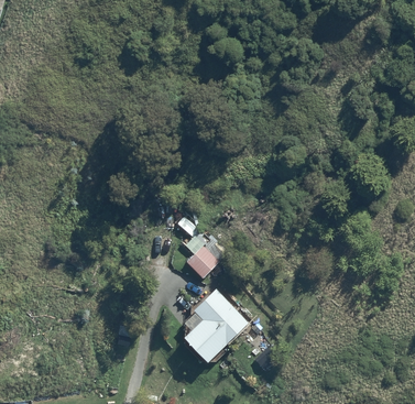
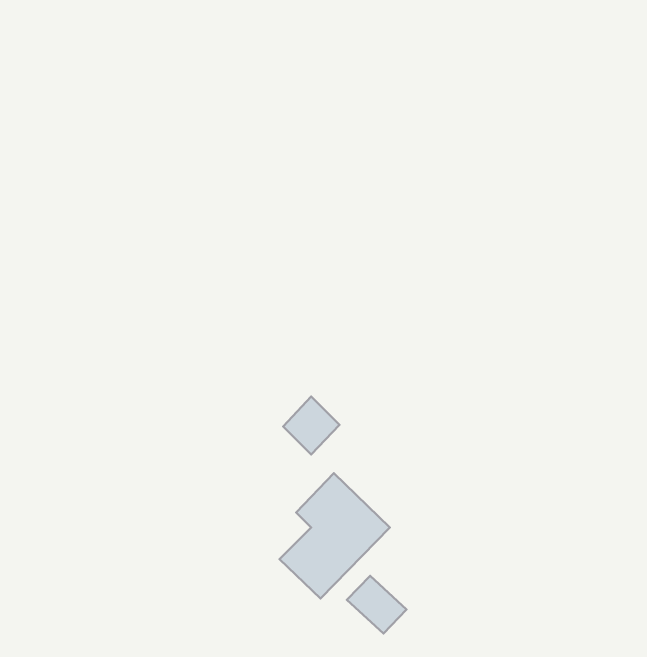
building: none -> [347,576,407,634]

